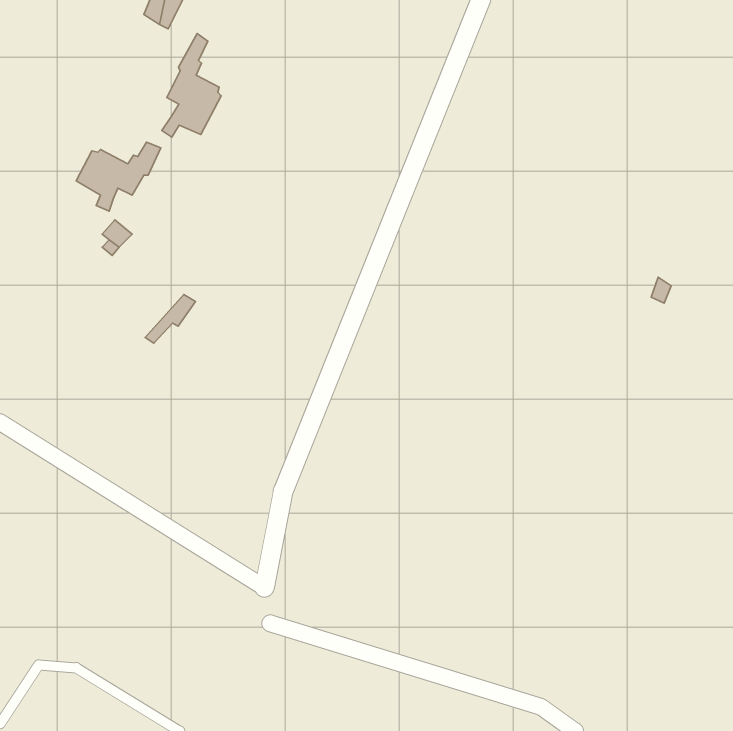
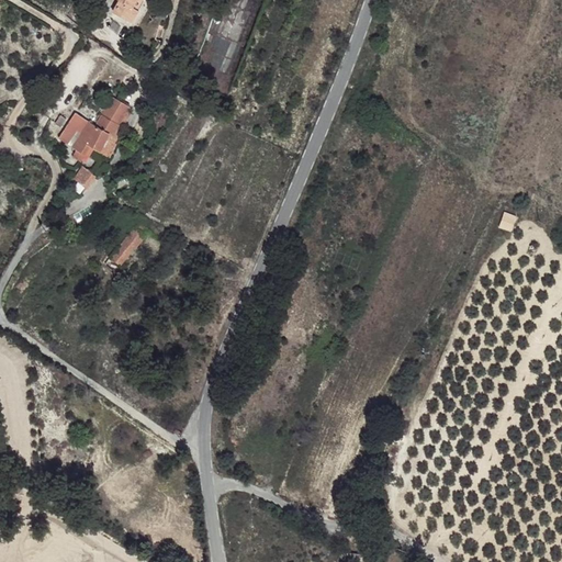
building: [162,33,221,137] -> none

